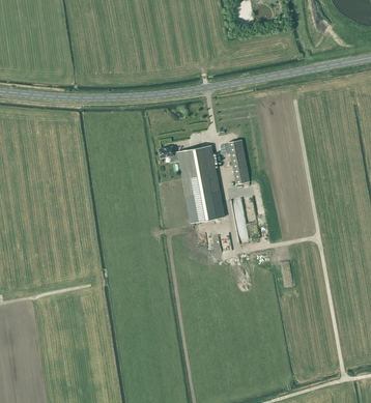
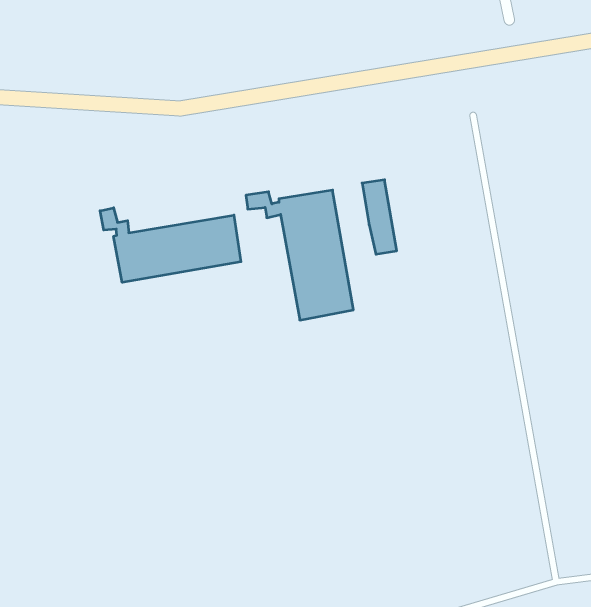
building: none -> [100,208,241,282]

